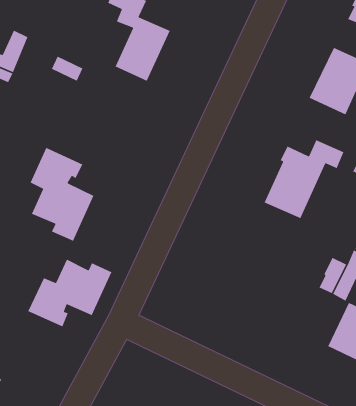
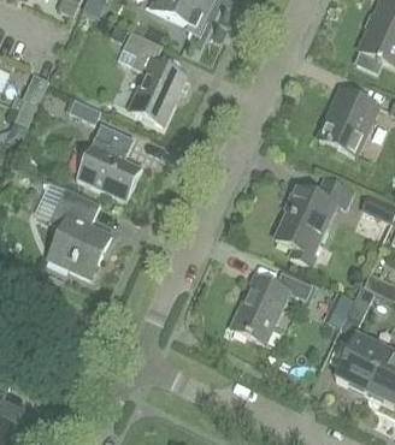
building: none -> [76,123,142,201]
building: none -> [231,271,311,343]
building: [27,259,112,328] -> none

